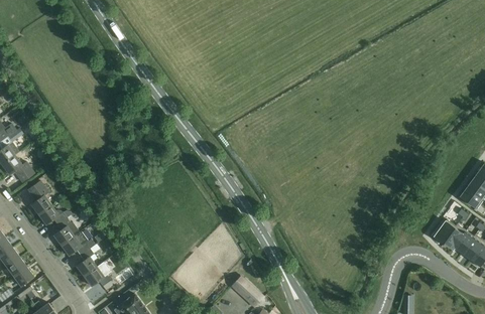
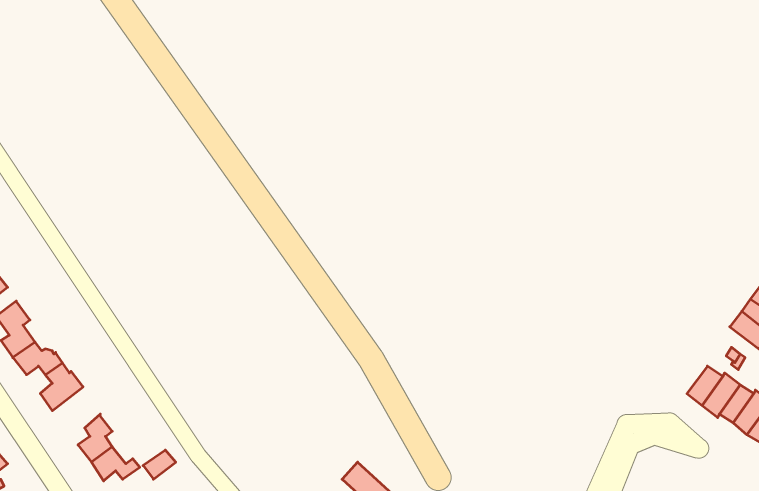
building: [60,231,94,256] -> none

